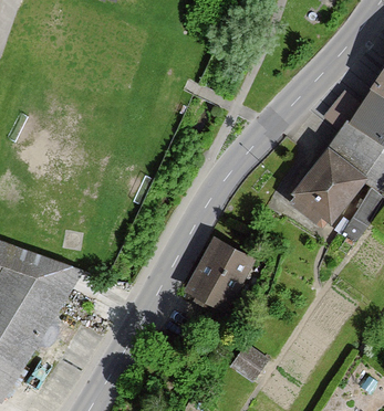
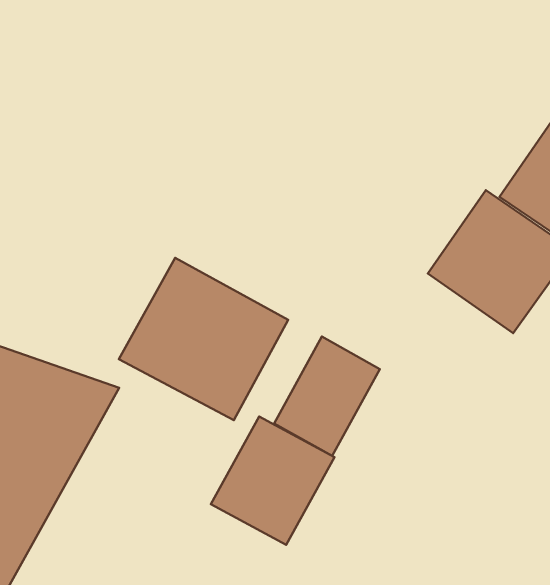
building: none -> [119,258,288,420]
building: none -> [211,416,334,545]

